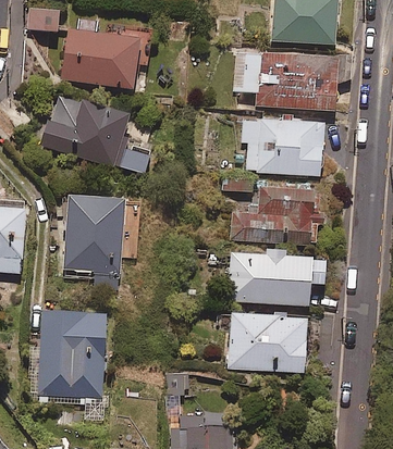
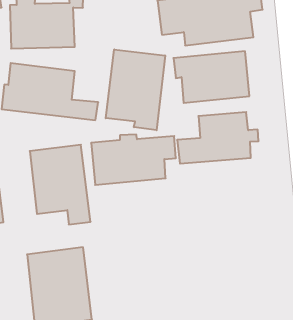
building: none -> [106,49,165,130]
building: [229,250,327,307] -> [91,135,176,185]
building: [229,313,307,371] -> none

